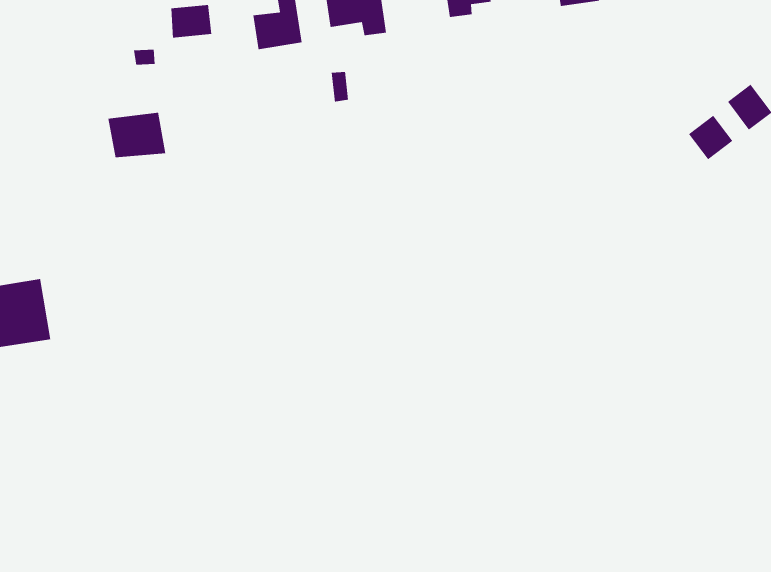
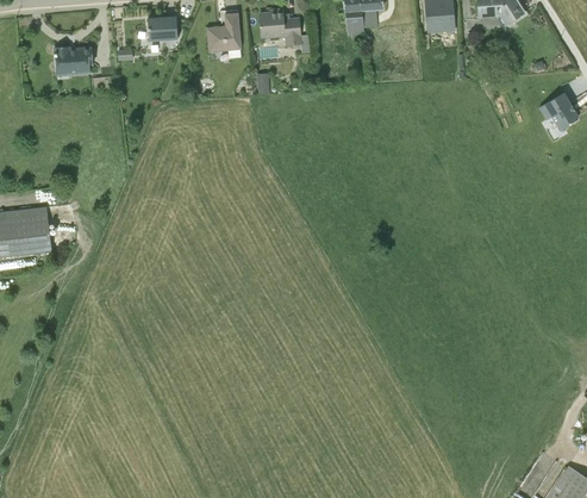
building: [108,112,166,158] -> [55,45,95,76]
building: [688,115,733,160] -> none

